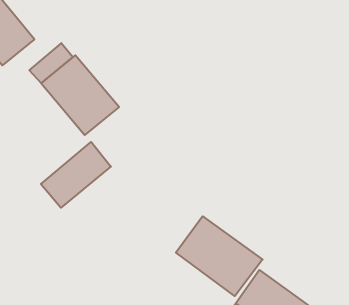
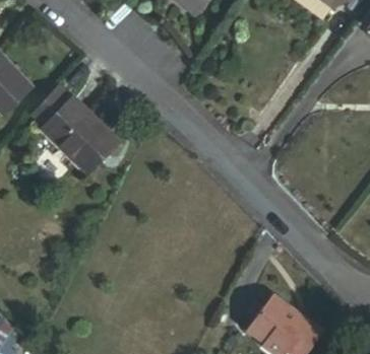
building: [41,142,111,208] -> none
building: [176,216,263,296] -> none

